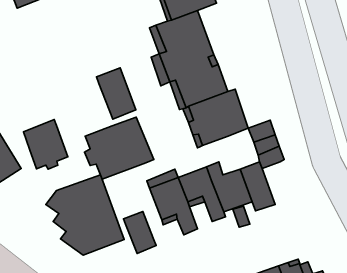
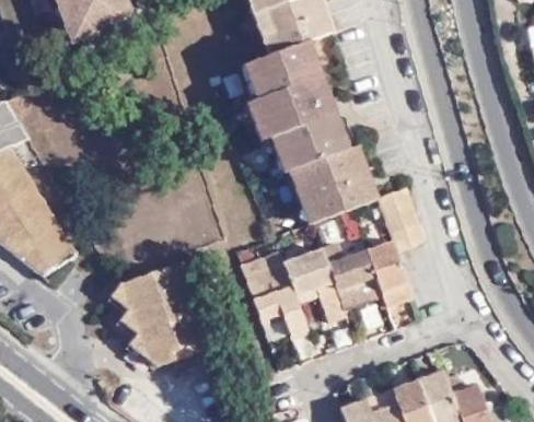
building: [96,68,136,119] -> none
building: [85,117,154,179] -> none
building: [23,120,68,169] -> none
building: [124,211,156,253] -> none

